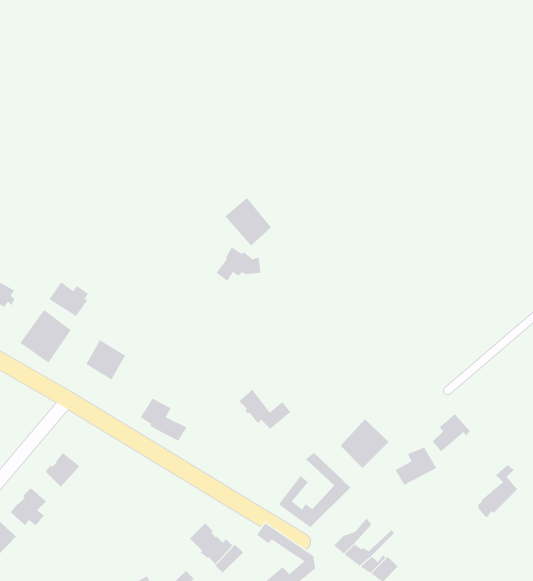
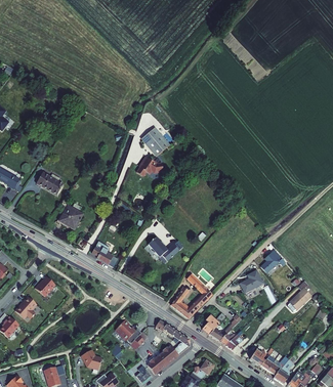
building: [19,309,72,364] -> none
building: [340,418,389,469] -> none

